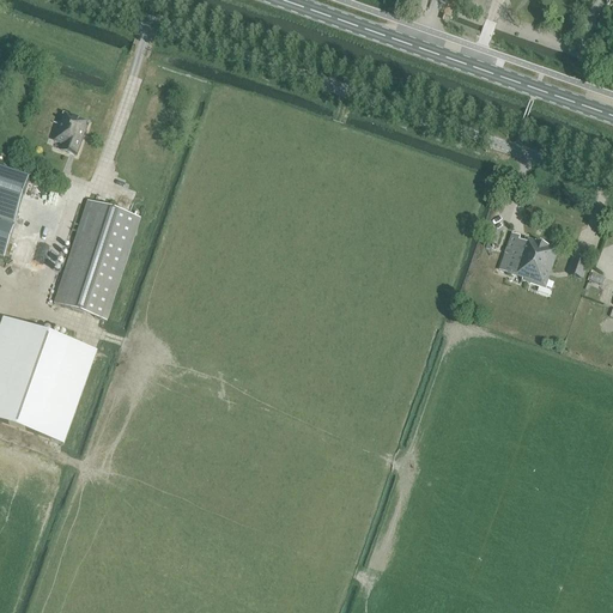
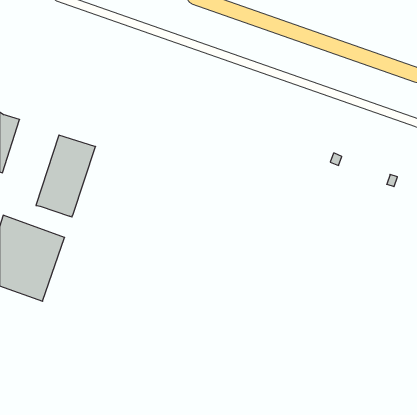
building: [51,111,86,153] -> none
building: [502,230,558,284] -> none

